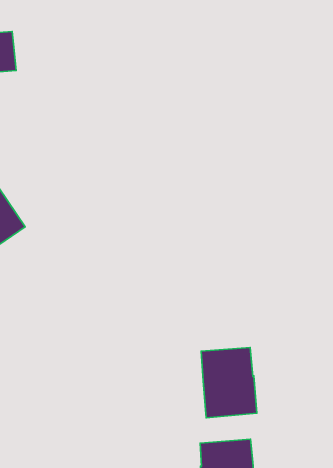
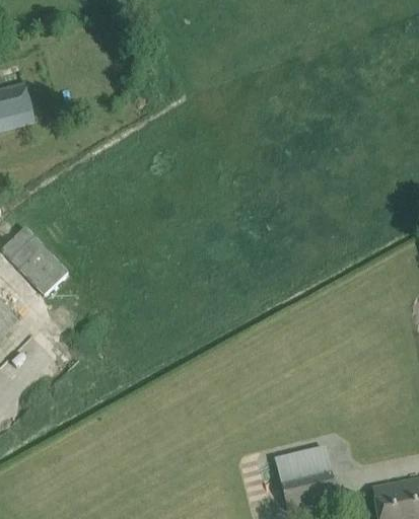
building: [201,347,257,418] -> none

